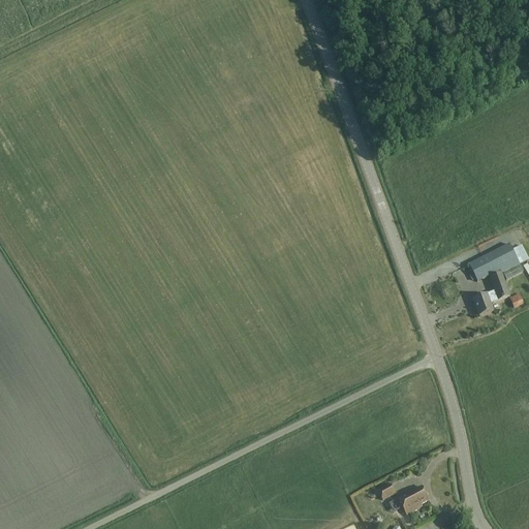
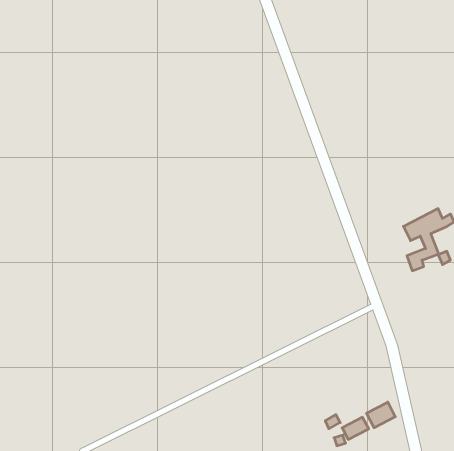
building: none -> [367,402,395,428]

